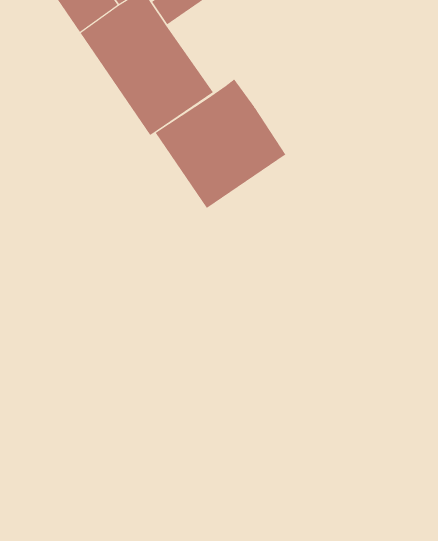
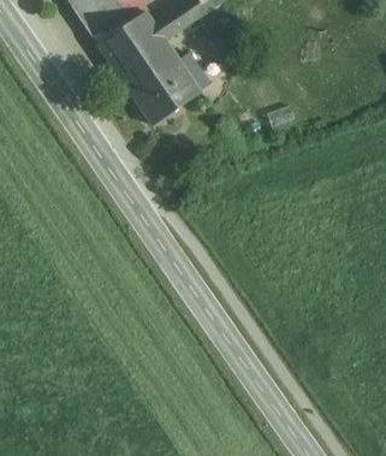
building: [155,78,286,209] -> none

